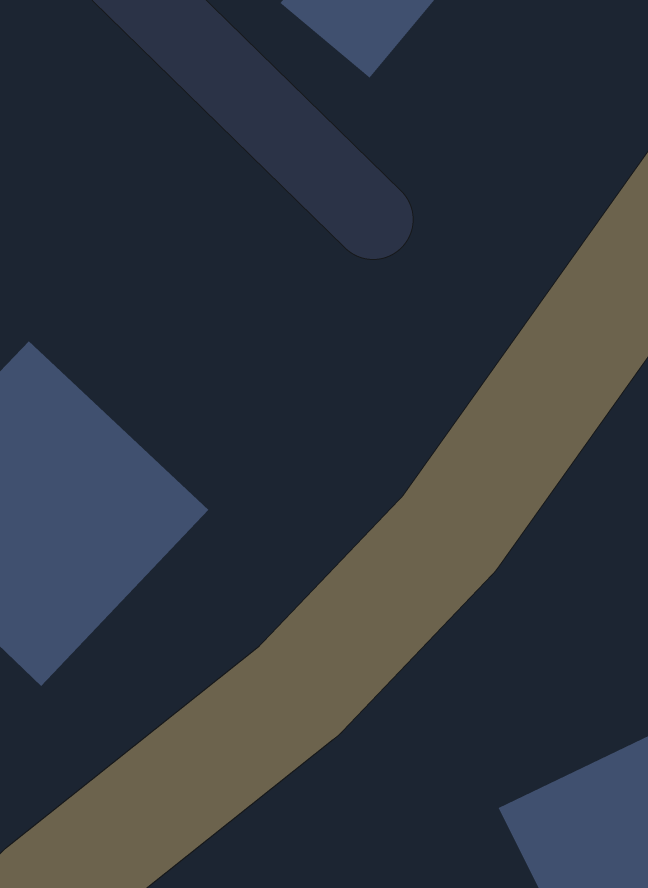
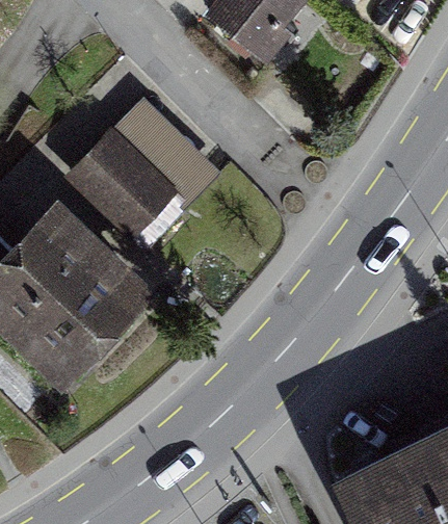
building: none -> [68,102,219,253]

